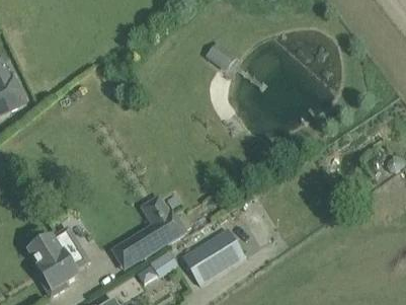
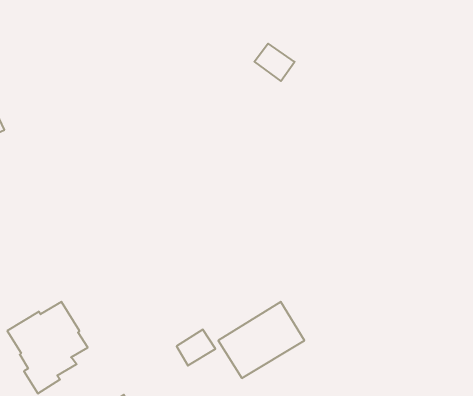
building: [109,194,185,271] -> none

